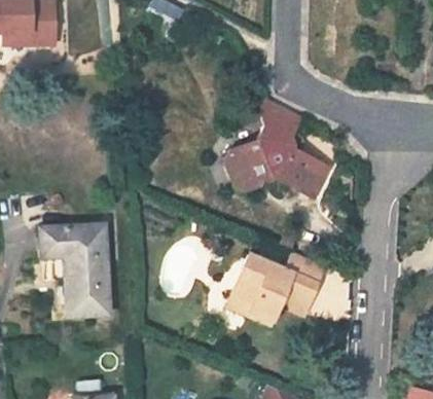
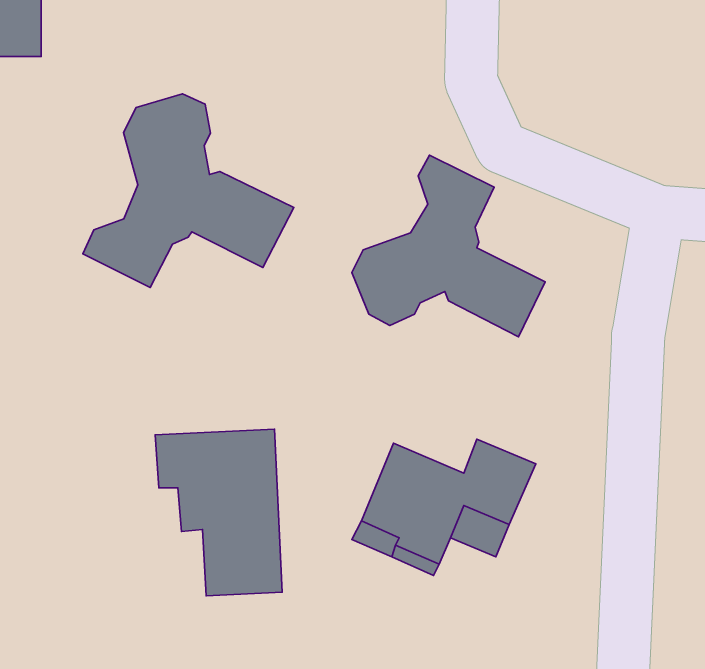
building: none -> [83,94,294,287]
building: [40,226,109,317] -> [155,429,282,596]

